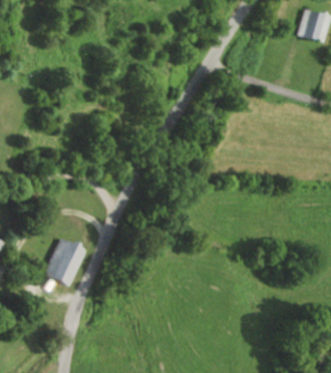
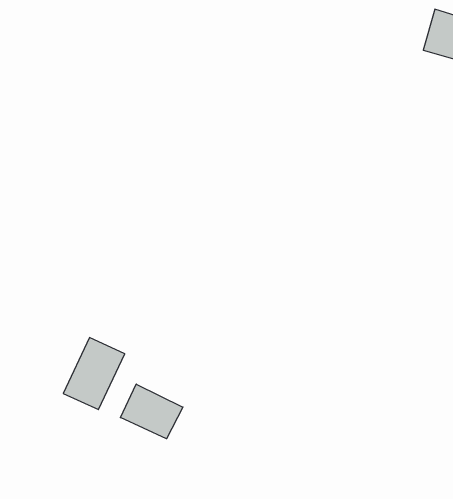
building: none -> [120,384,183,439]

